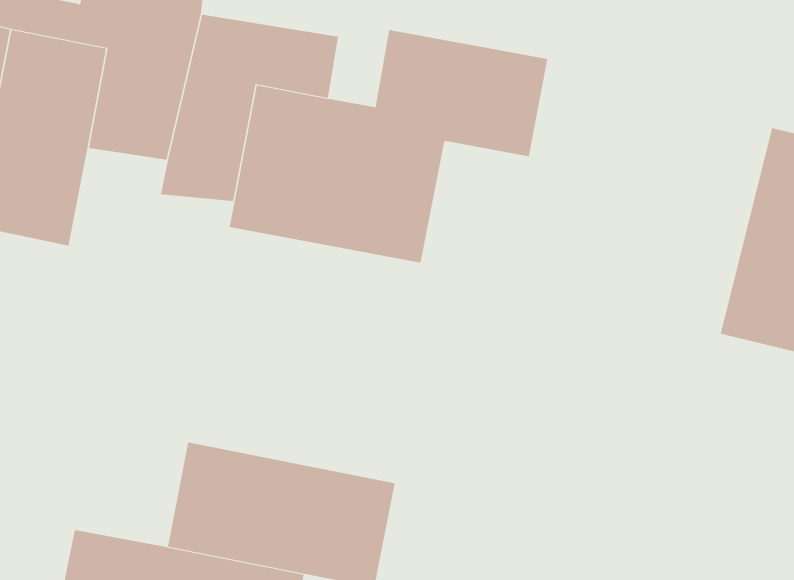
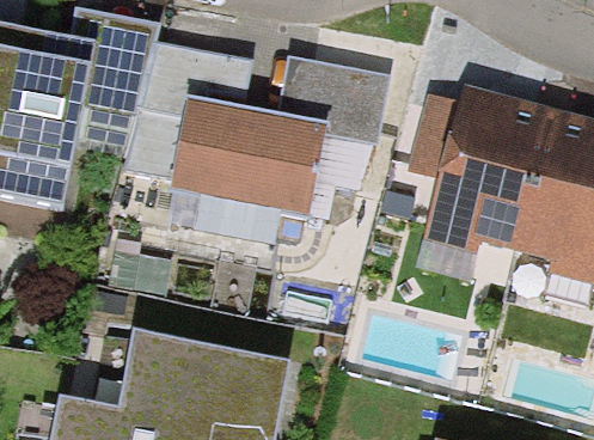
building: none -> [424,99,550,264]

